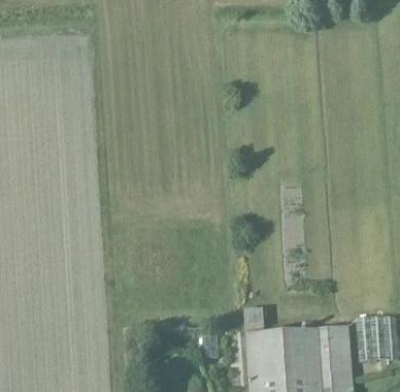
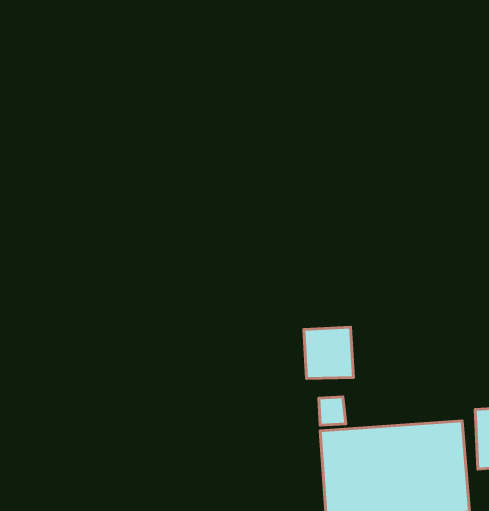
building: none -> [304,327,353,379]

